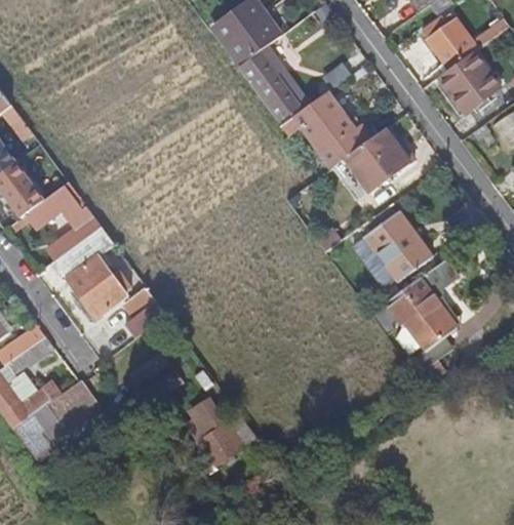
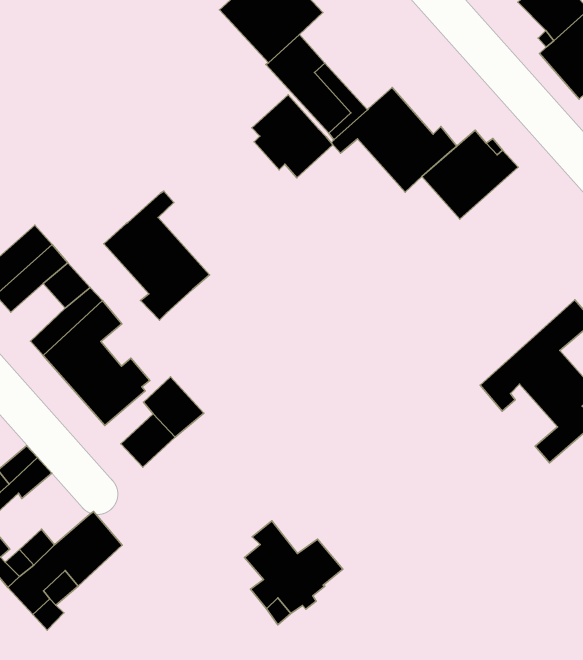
building: none -> [252,95,333,178]
building: none -> [104,191,209,320]
building: [364,211,431,281] -> none

